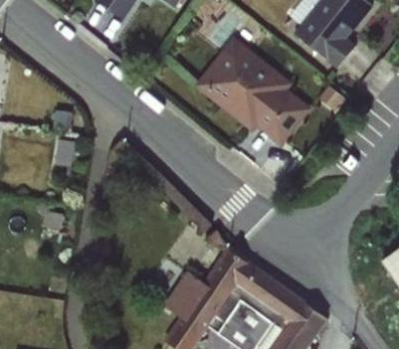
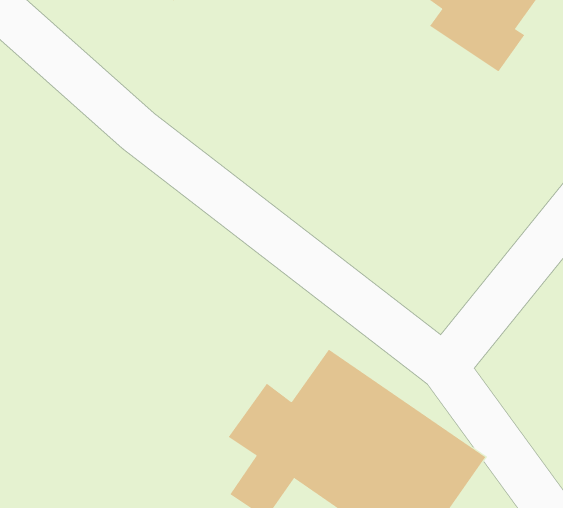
building: [198,33,315,147] -> none

